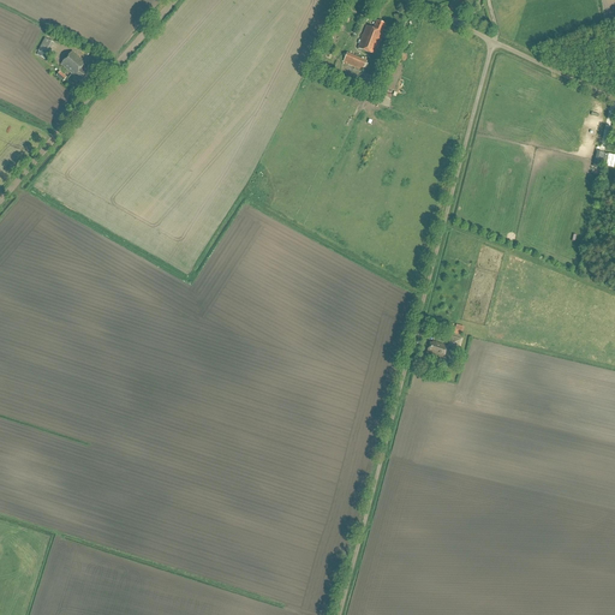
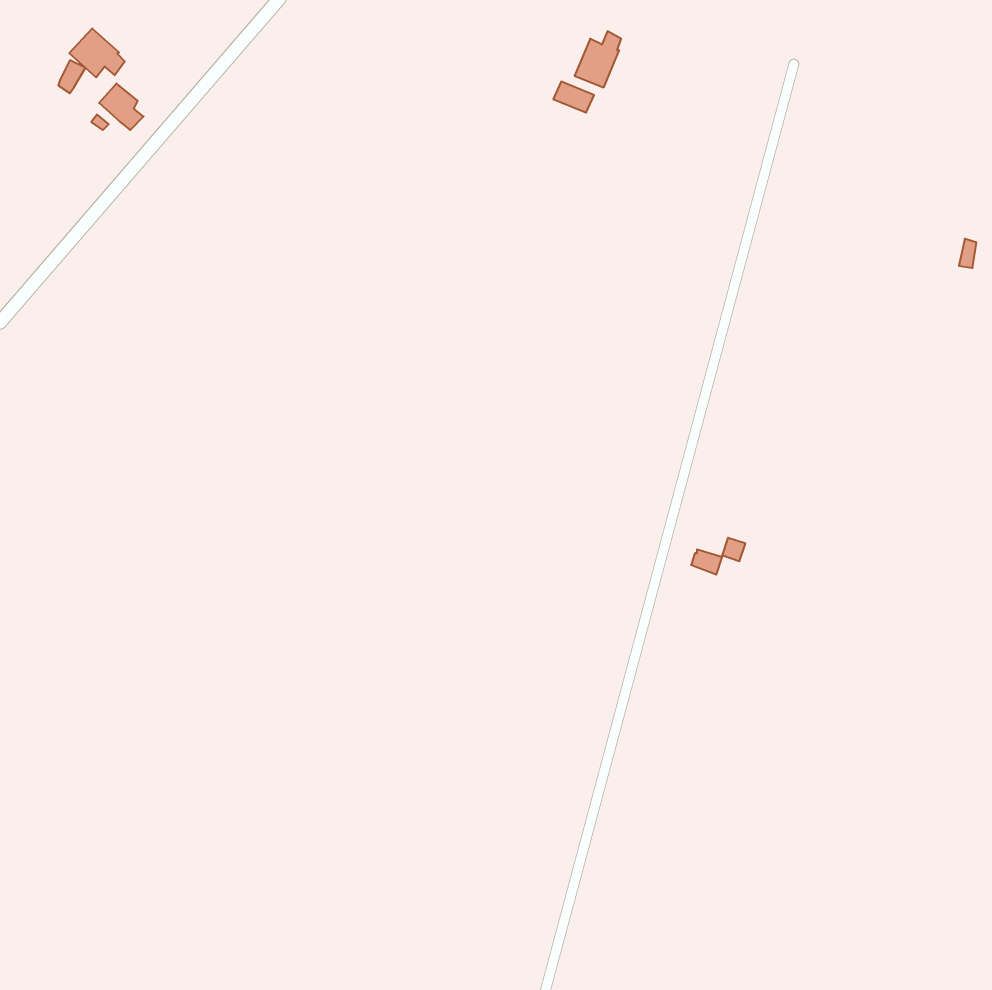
building: none -> [69,28,125,77]

